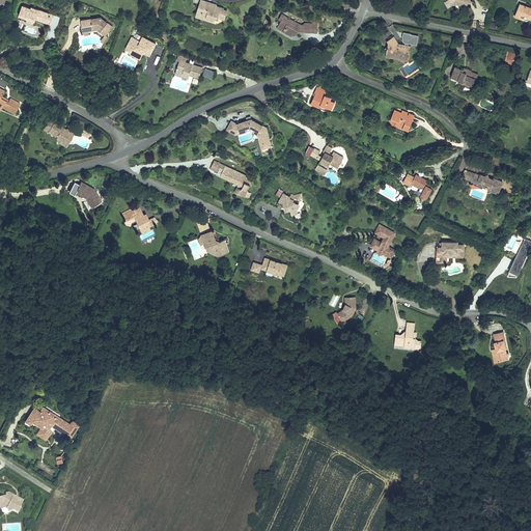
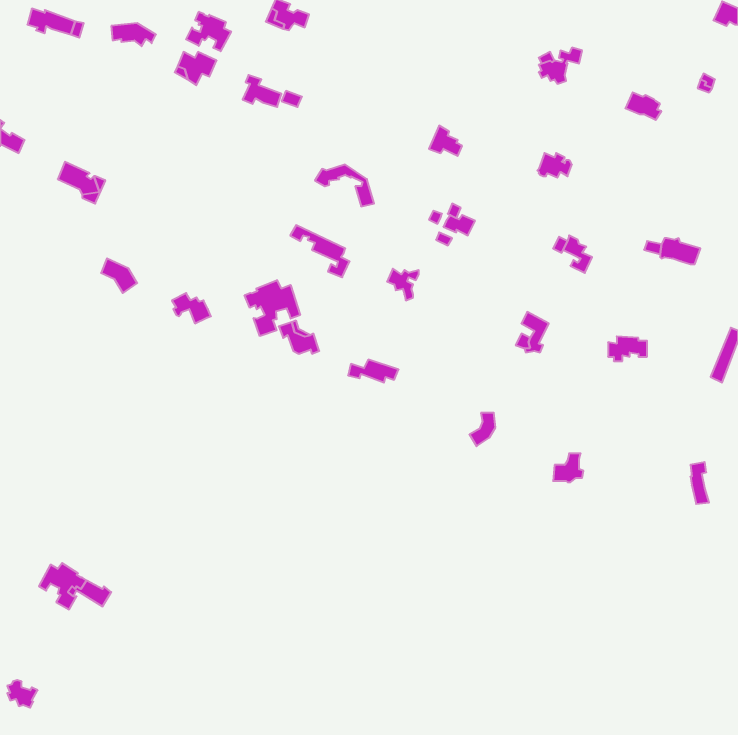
building: none -> [186,12,231,51]
building: [275,11,316,33] -> none
building: none -> [245,280,300,336]

